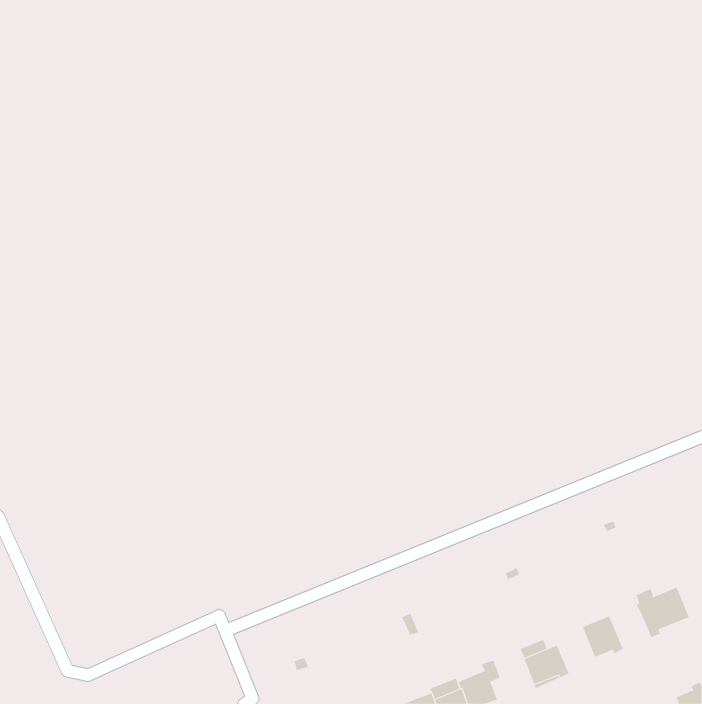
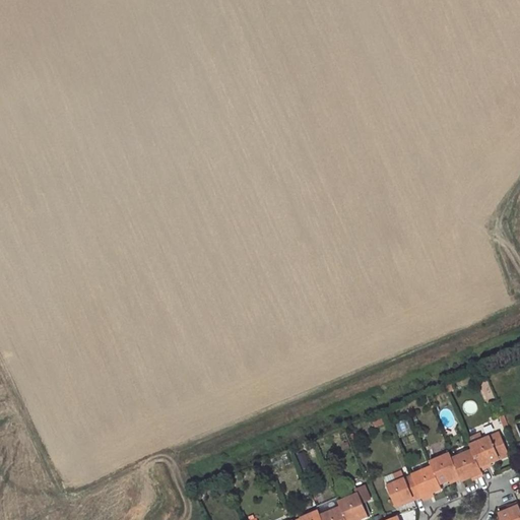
building: none -> [451,451,481,480]
building: none -> [410,467,441,501]

